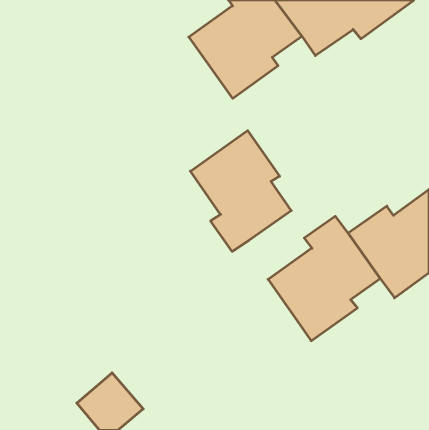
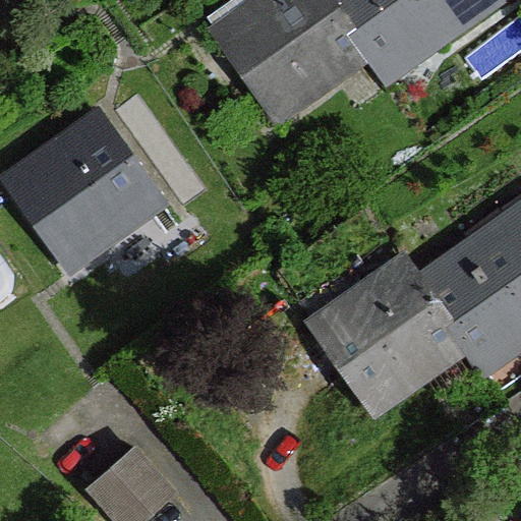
building: none -> [17,115,154,267]
building: [190,131,291,251] -> none

